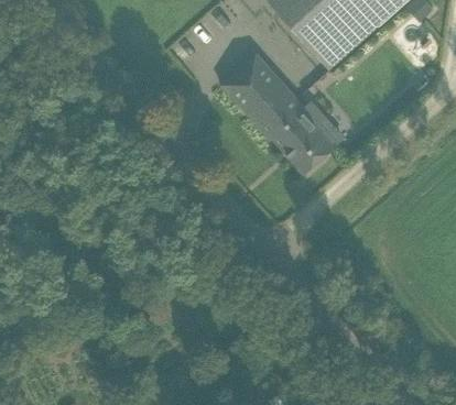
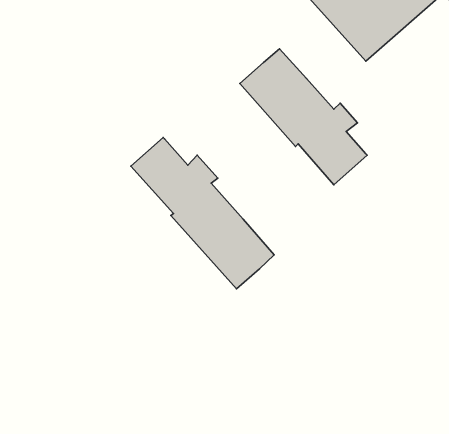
building: none -> [131,137,274,289]

